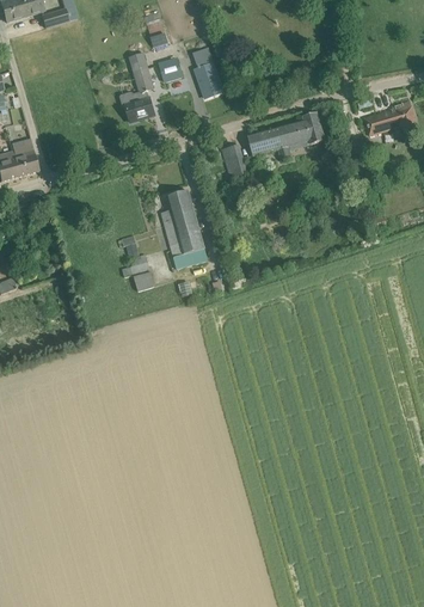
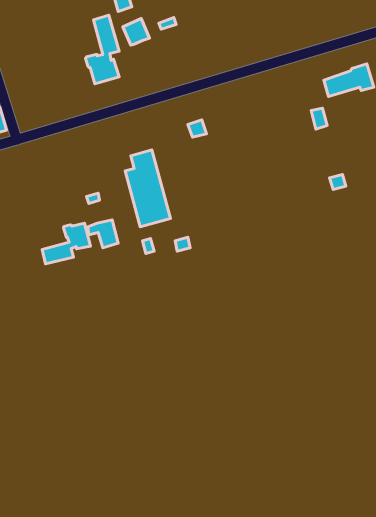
building: [195,62,222,97] -> none
building: [246,110,324,159] -> none
building: none -> [42,223,90,264]

